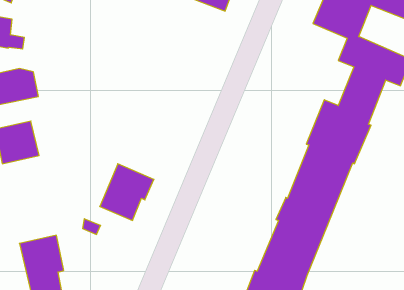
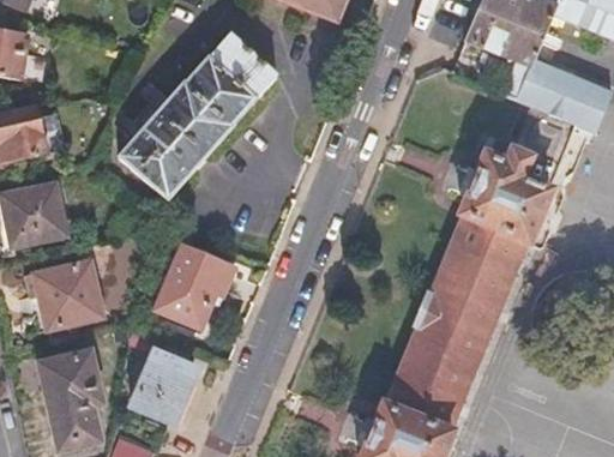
building: none -> [119,35,276,200]
building: none -> [26,259,103,330]
building: none -> [130,349,195,422]

